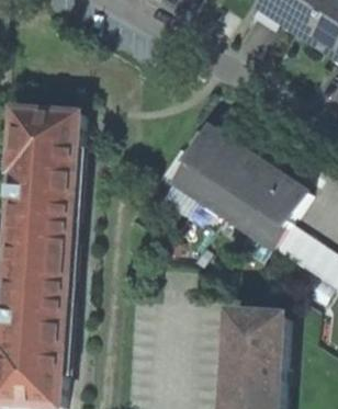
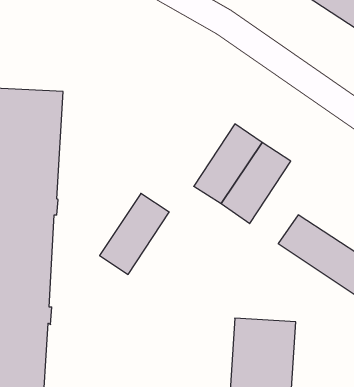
building: [168,123,229,194] -> [100,193,169,274]
building: [243,172,305,245] -> none

